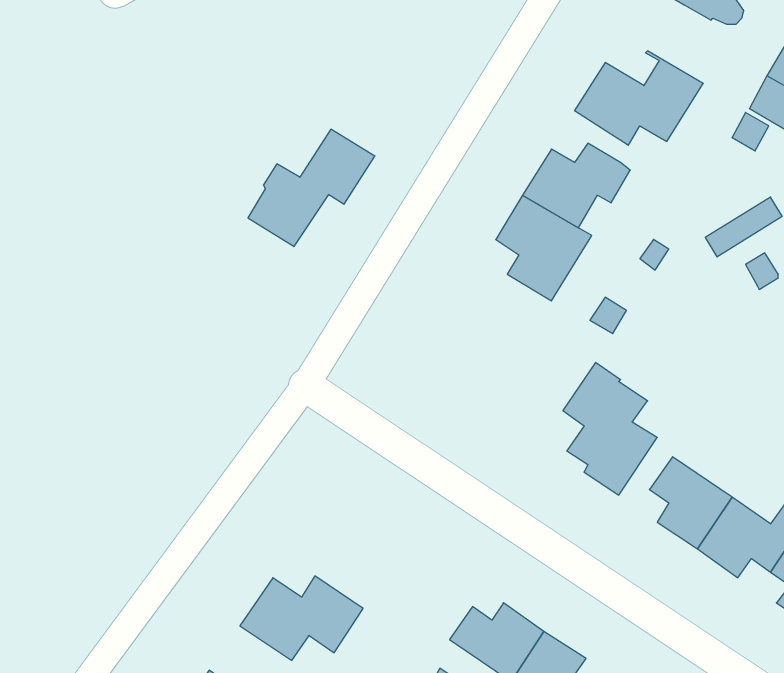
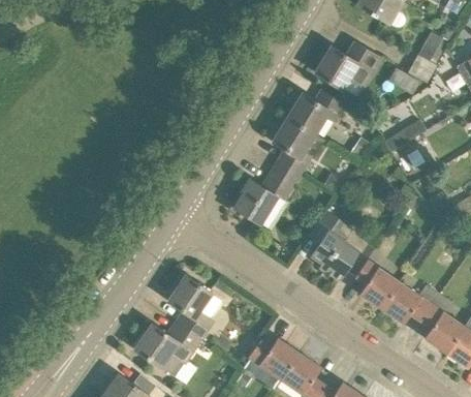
building: [248,129,375,247] -> [234,160,303,223]
building: none -> [168,275,223,340]

